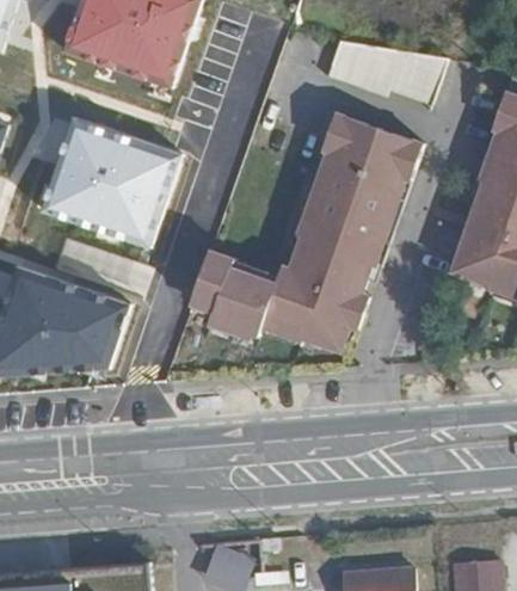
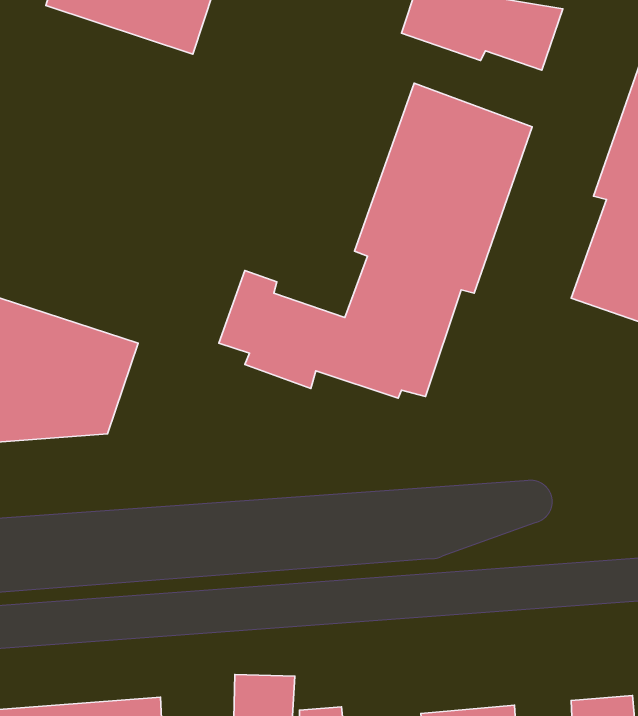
building: [39,116,185,251] -> none

